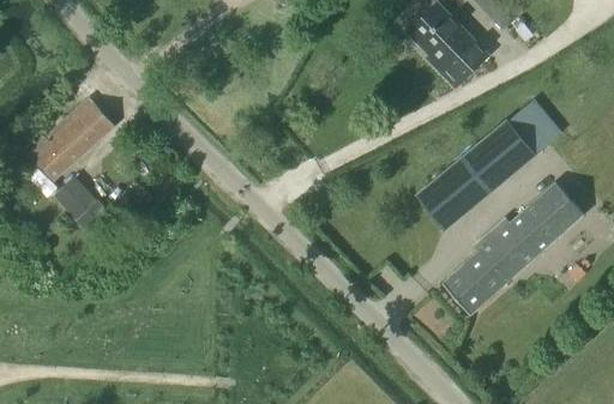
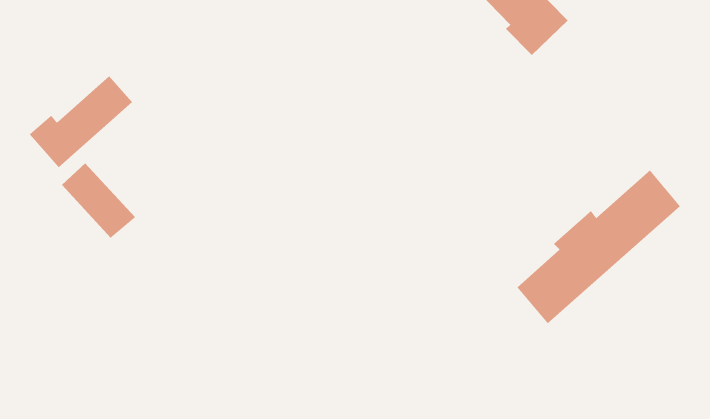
building: [417,98,560,229] -> none

